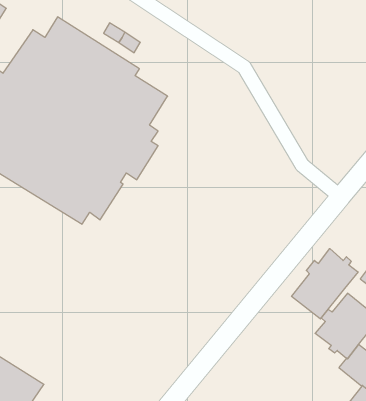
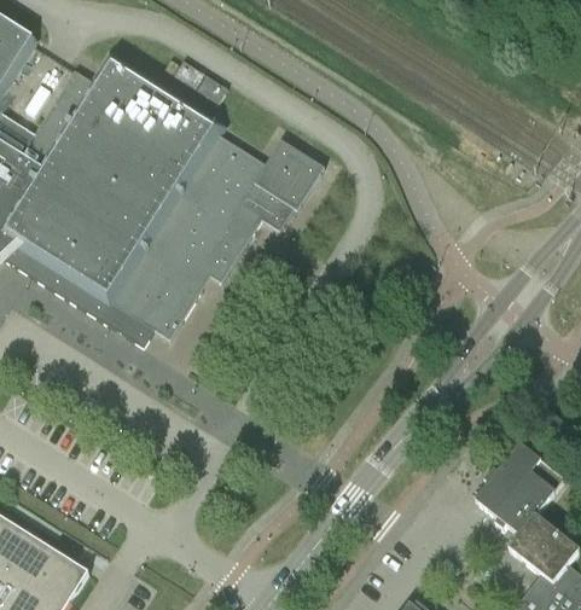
building: none -> [239,141,324,232]
building: [292,249,358,319] -> none

